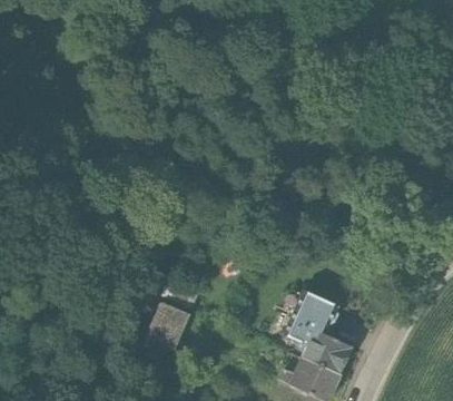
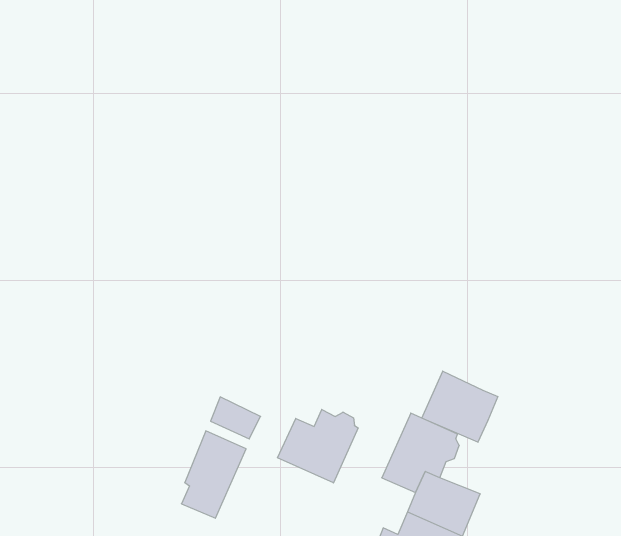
building: none -> [422,371,498,442]
building: none -> [277,409,358,483]

